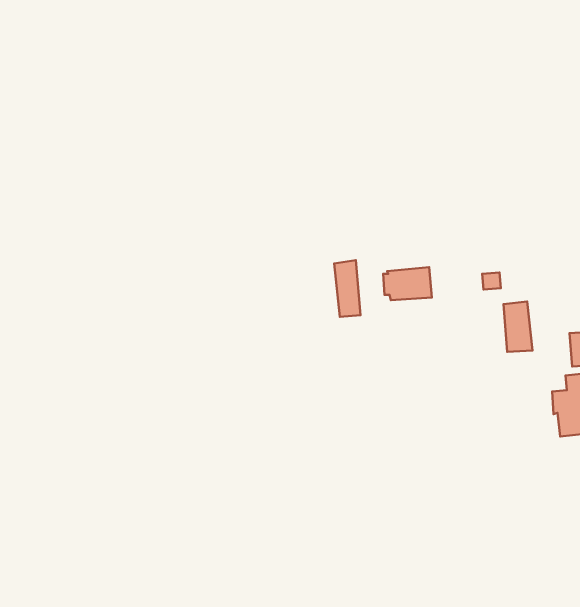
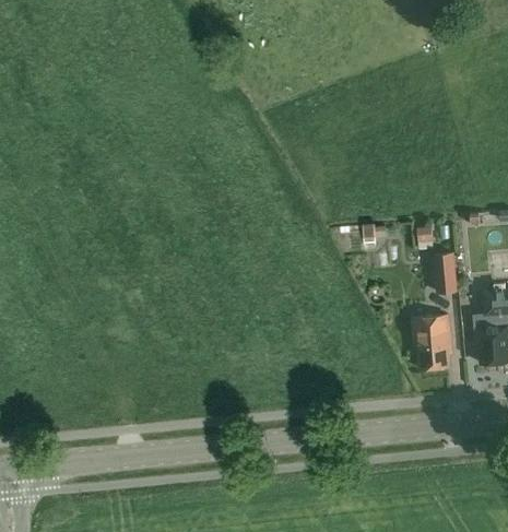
building: [334,260,361,317] -> none
building: none -> [415,314,451,367]

